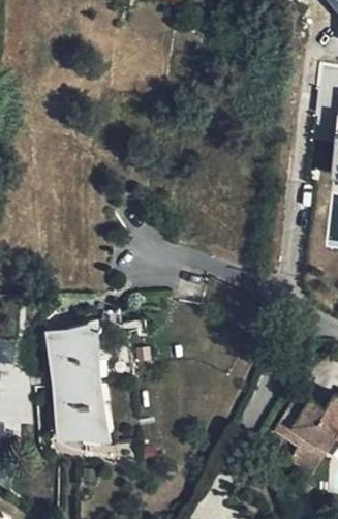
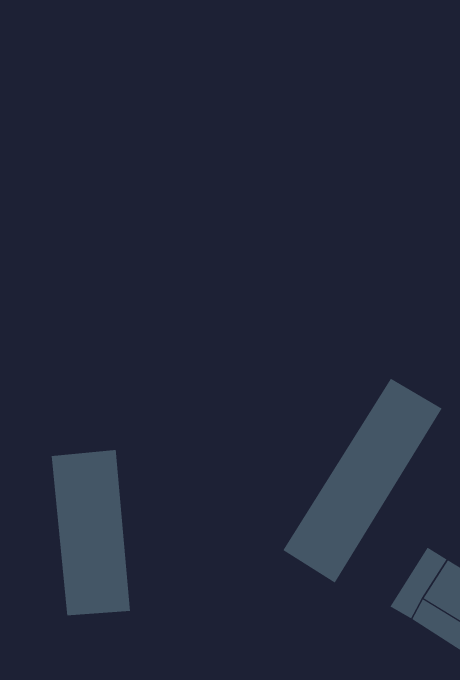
building: none -> [283,378,443,583]

